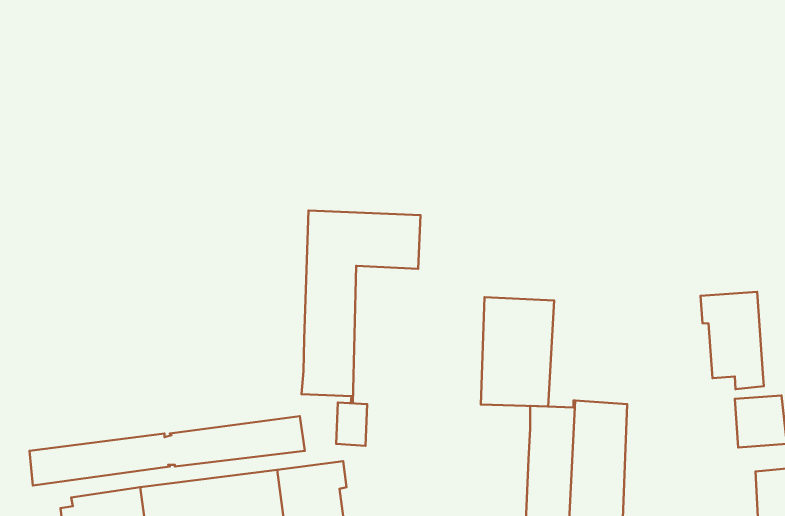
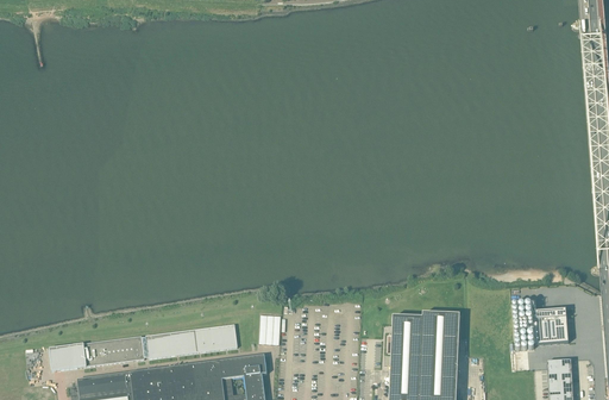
building: [302,211,420,403] -> none
building: [700,292,764,389] -> none
building: [481,297,554,406] -> none

